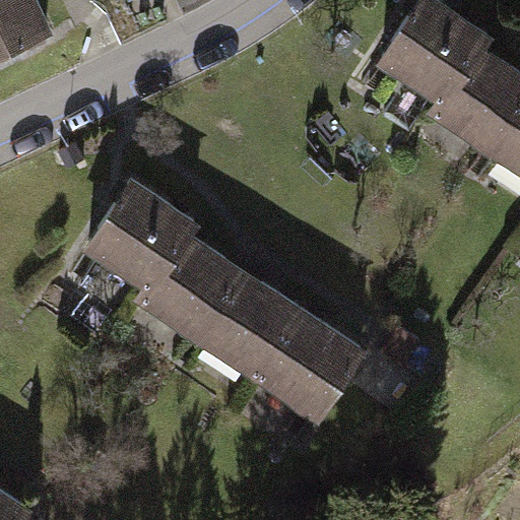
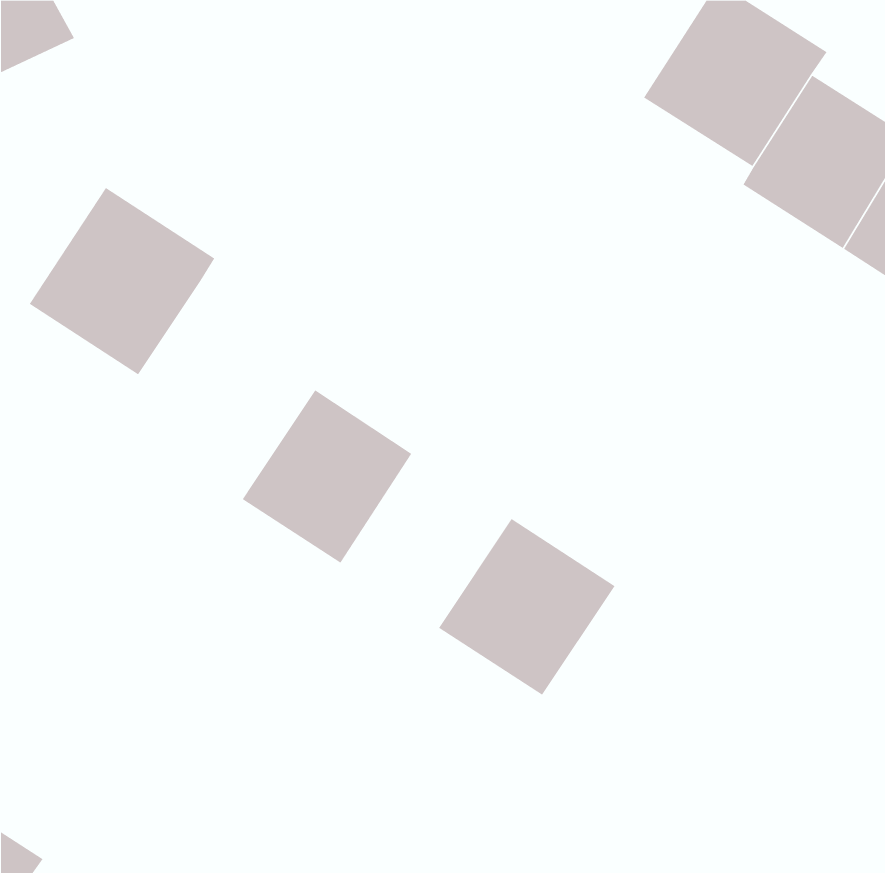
building: [85,182,194,291] -> [29,187,215,375]
building: [201,274,301,376] -> none

